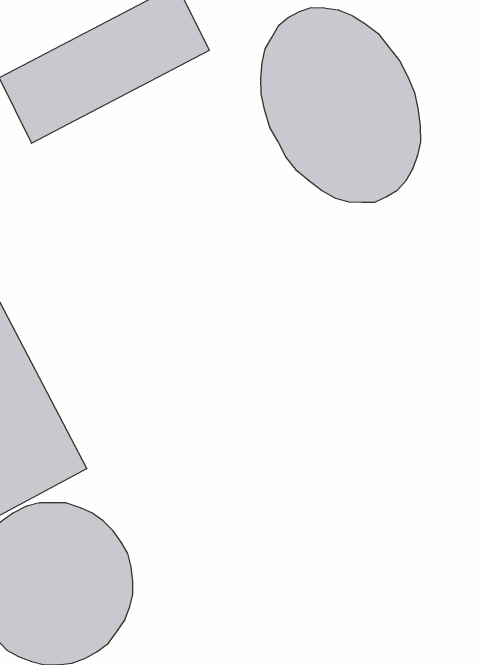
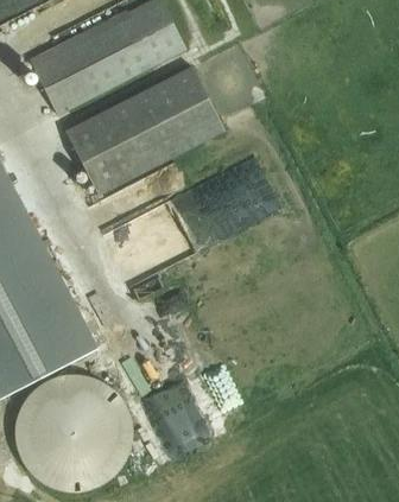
building: [261,8,421,202] -> none
building: none -> [65,65,224,196]

